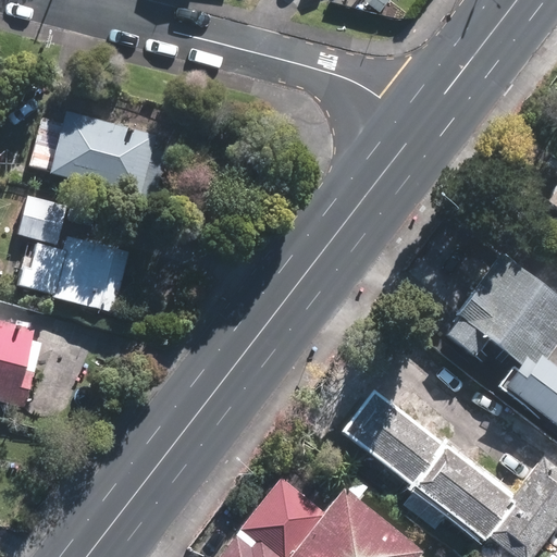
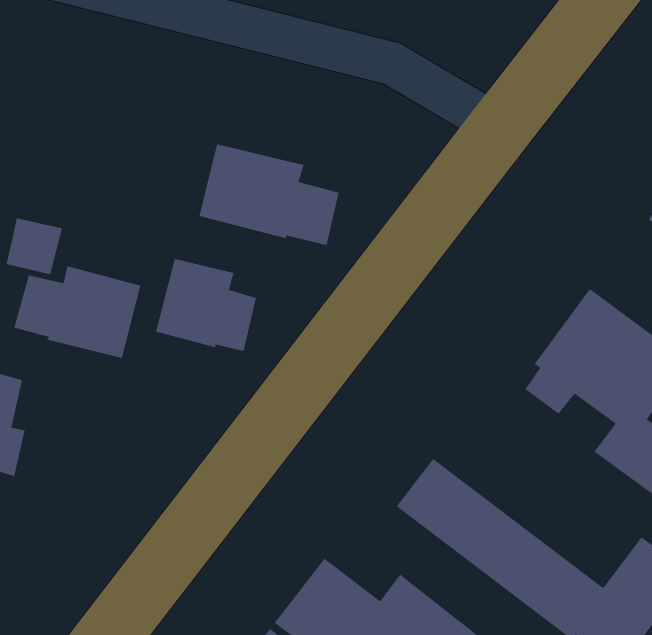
building: [33,112,169,201] -> none
building: none -> [199,144,339,246]
building: none -> [156,258,257,352]

